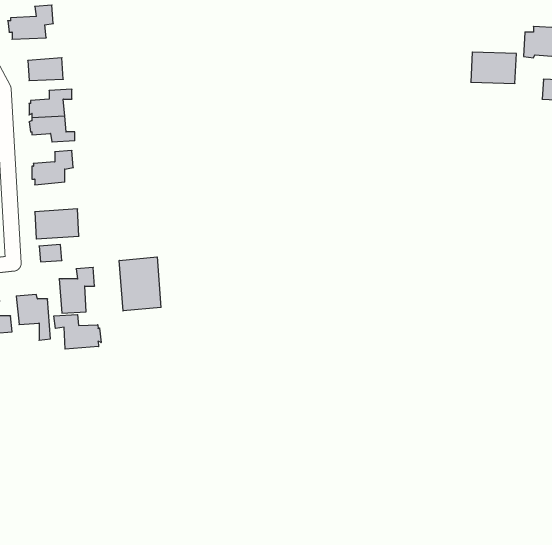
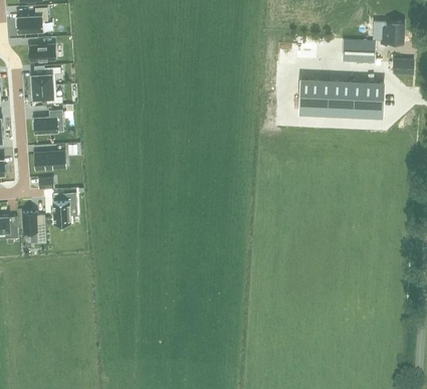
building: none -> [299,77,383,119]
building: [119,257,161,311] -> none
building: [54,315,101,349] -> none

